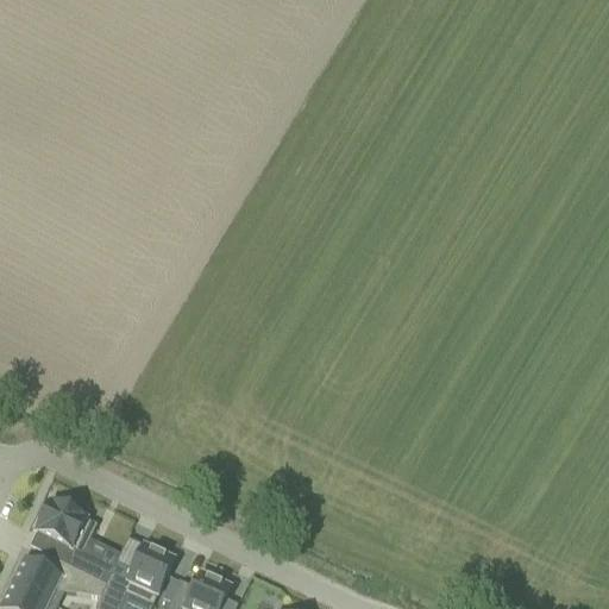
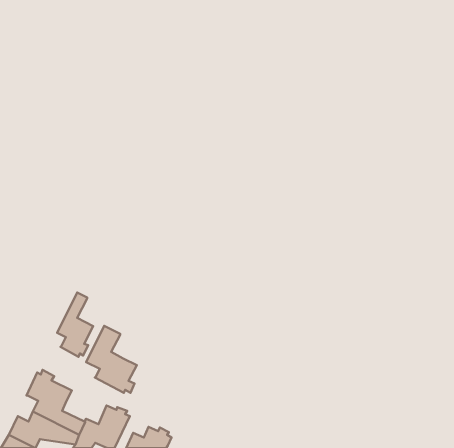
building: none -> [57,293,93,357]
building: none -> [86,326,137,393]

